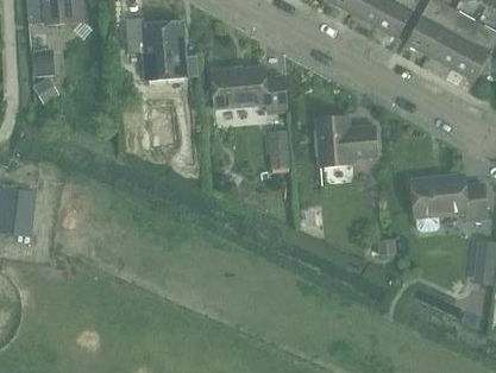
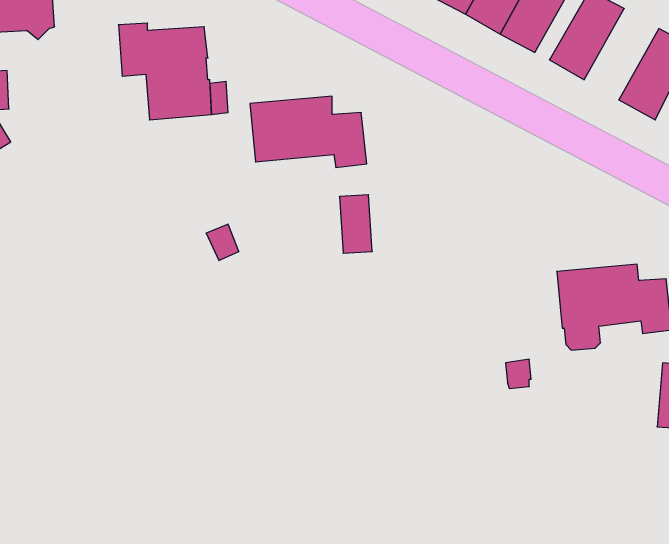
building: [429,8,478,68] -> none
building: [316,115,377,165] -> none

